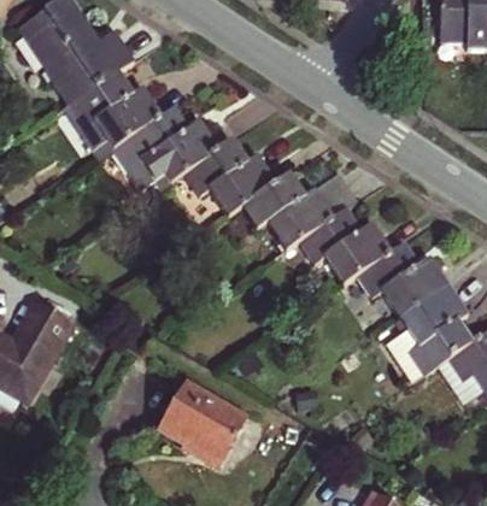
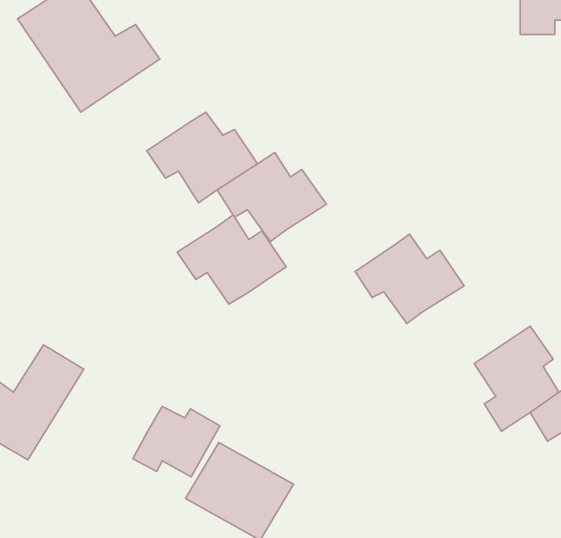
building: [70,73,162,147] -> none
building: [242,173,334,248] -> [177,215,286,304]
building: [357,242,447,317] -> none
building: none -> [133,407,220,477]

